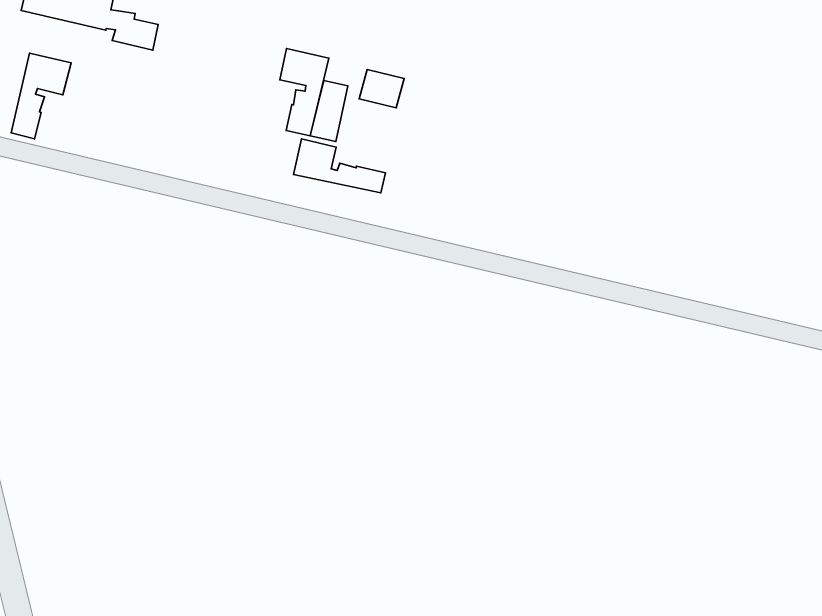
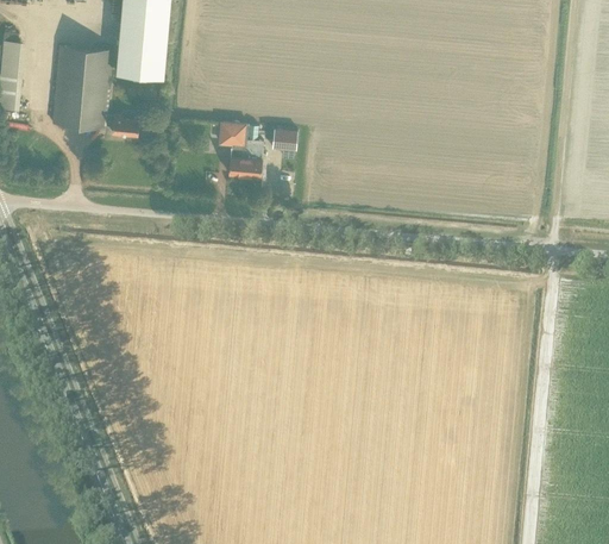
building: [11,53,71,139] -> none
building: [294,139,385,193] -> none

